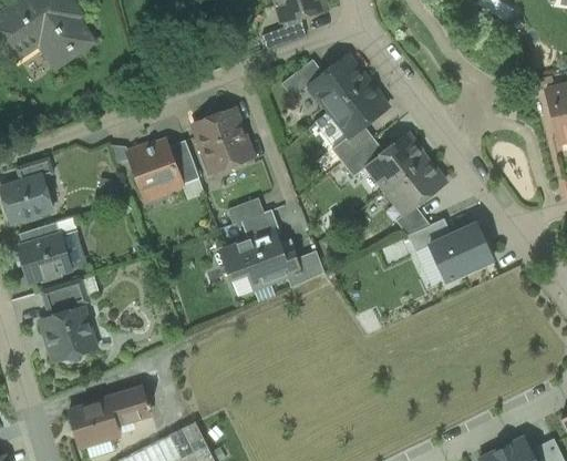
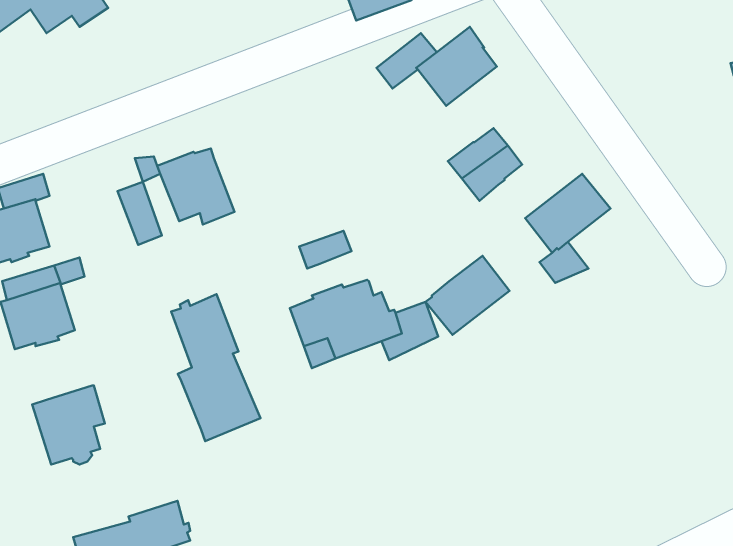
building: [330,83,386,136] -> none
building: [193,109,252,174] -> none
building: [367,134,425,189] -> [426,256,509,335]
building: [167,141,198,185] -> [118,182,162,245]
building: [241,211,279,239] -> none
building: [432,224,492,280] -> none
building: none -> [171,294,260,441]
building: [42,280,85,317] -> none

